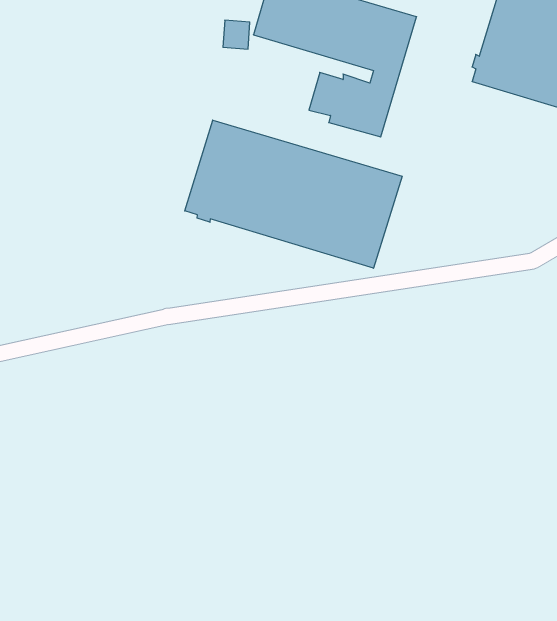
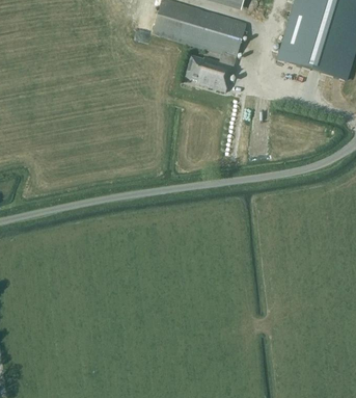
building: [185,120,402,268] -> none

